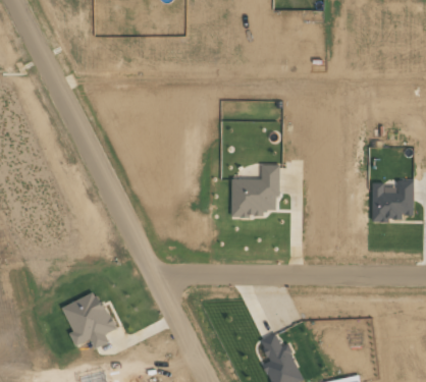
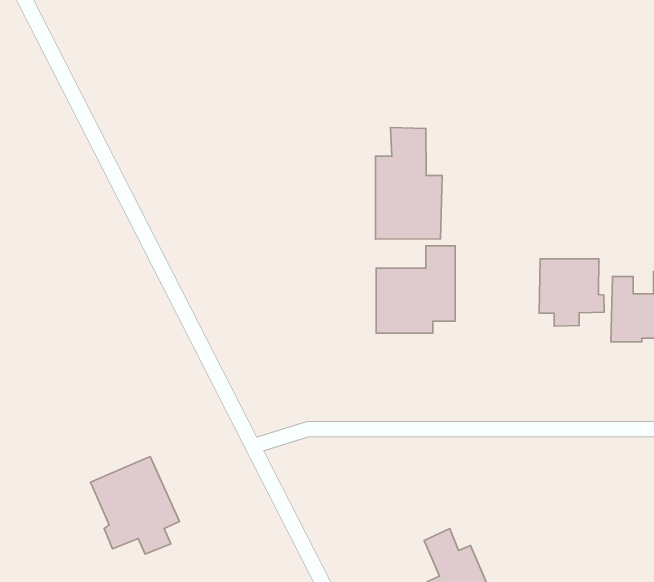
building: none -> [376,128,442,239]
building: none -> [539,259,604,326]

